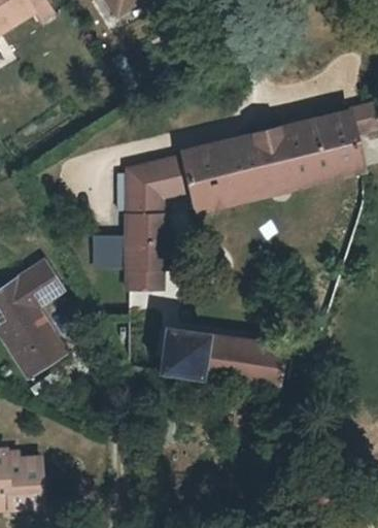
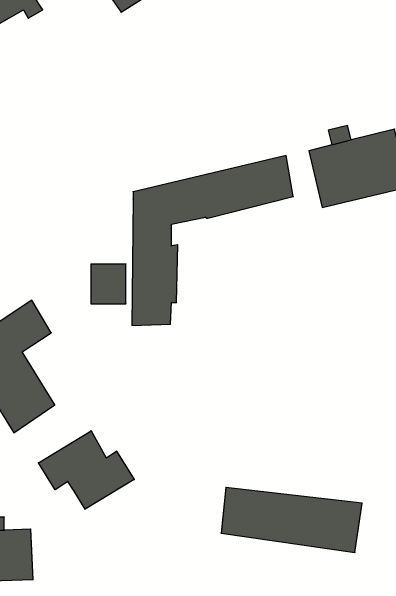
building: [193,135,290,206] -> none
building: [163,332,283,388] -> [221,487,362,552]
building: none -> [38,431,134,509]

